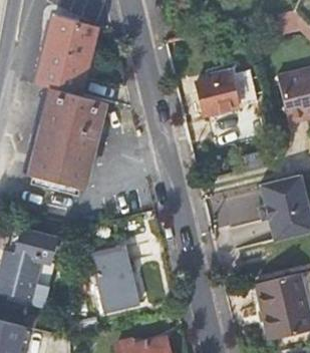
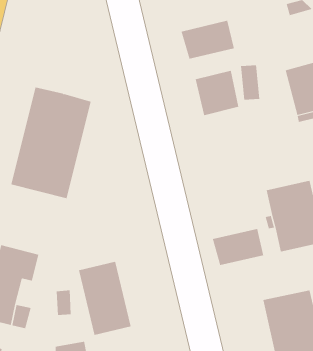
building: [37,17,95,94] -> none
building: none -> [181,20,235,60]
building: none -> [212,228,264,266]

